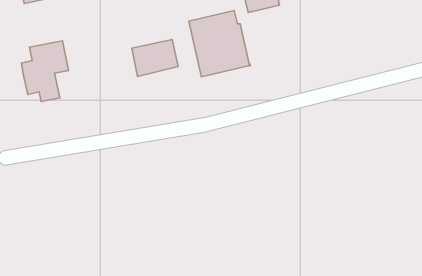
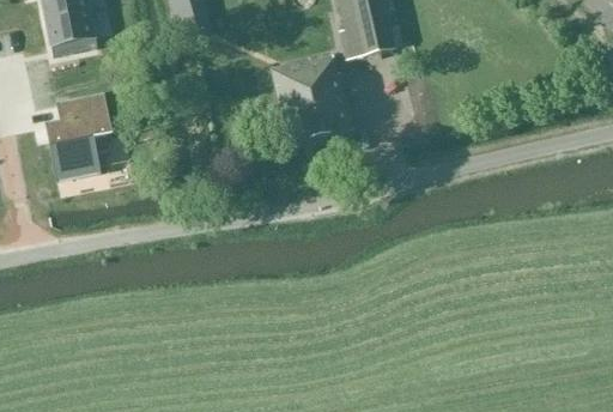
building: [132,39,178,76] -> none

